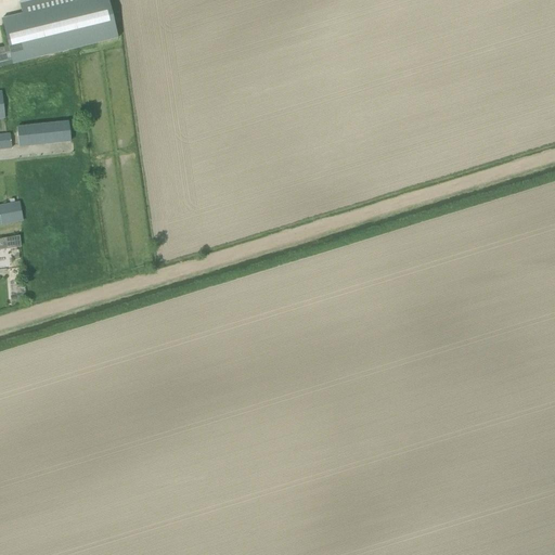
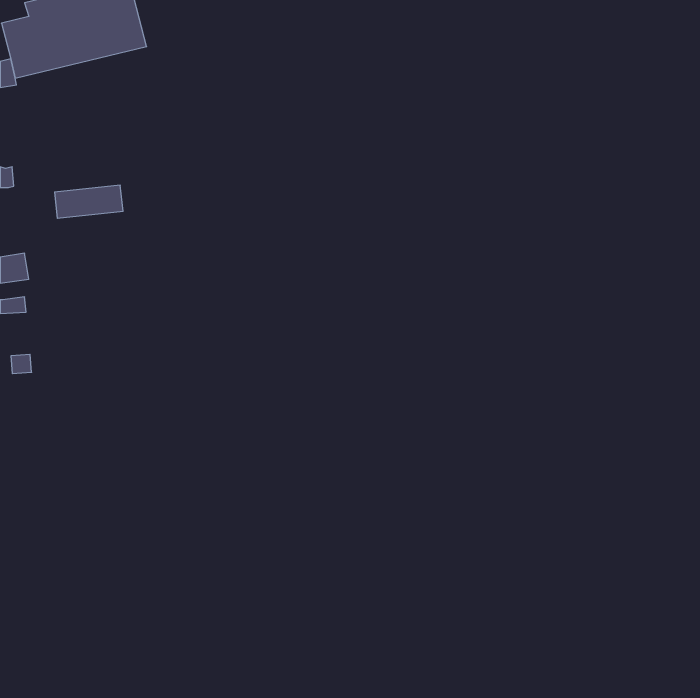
building: [16,120,70,146] -> [55,185,123,218]

